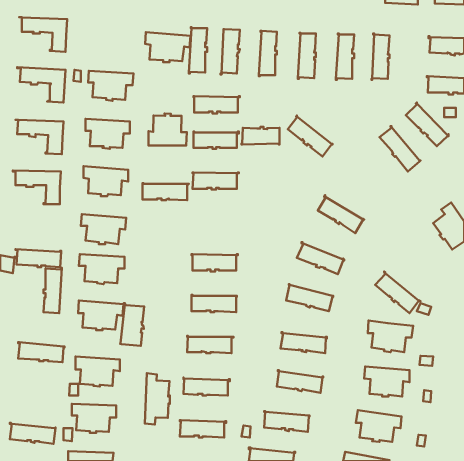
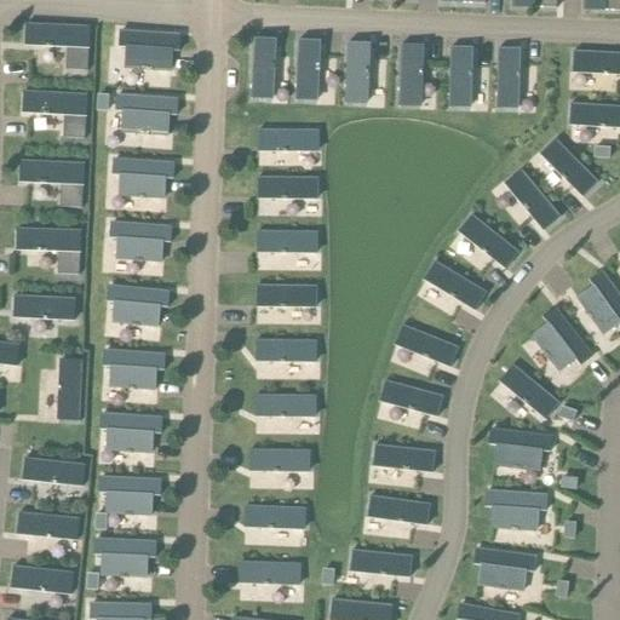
building: [145,32,190,62] -> [120,29,180,69]
building: [149,114,187,145] -> none
building: [288,116,332,156] -> [460,213,519,268]
building: [241,127,280,145] -> none
building: [143,183,189,200] -> [257,283,318,306]
building: none -> [533,306,592,369]
building: [16,249,61,267] -> [15,294,75,318]
building: [120,303,144,346] -> none
building: [145,373,170,425] -> none
building: none -> [19,511,80,538]

